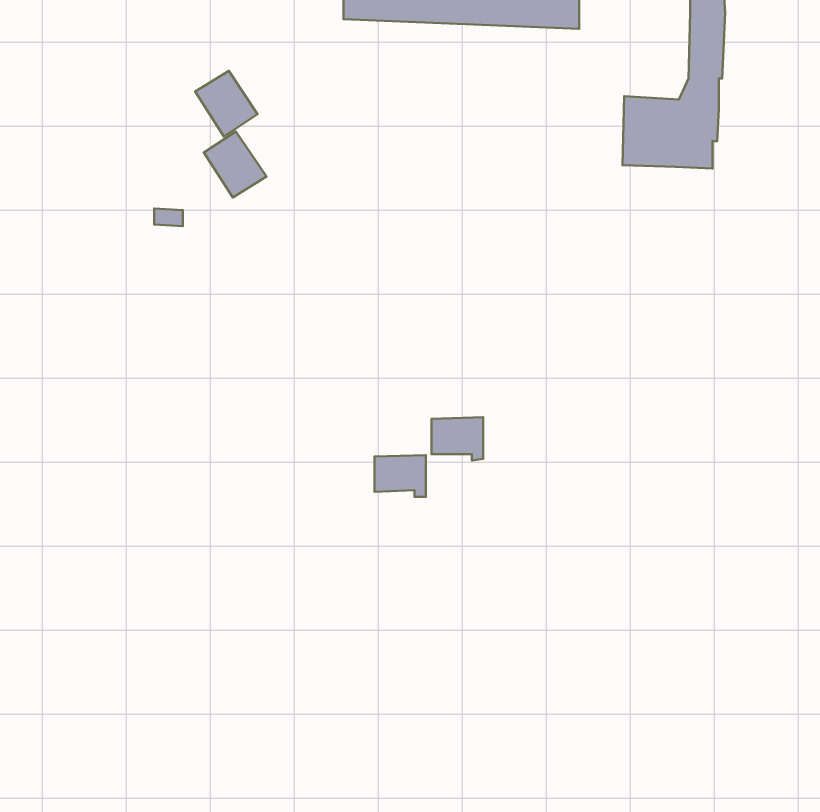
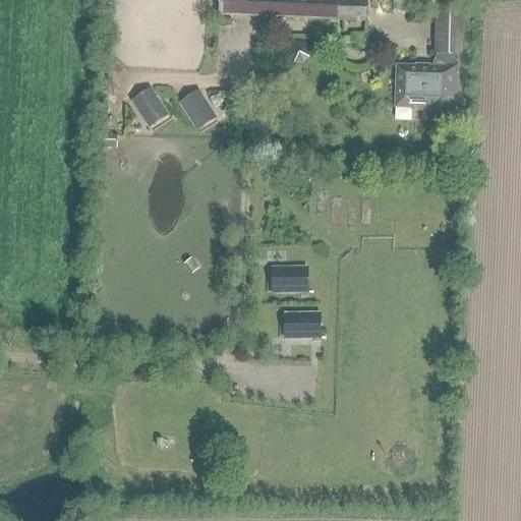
building: [195,71,258,137] -> [177,85,217,127]
building: [374,455,426,497] -> [287,310,320,337]

